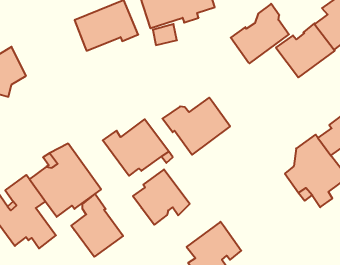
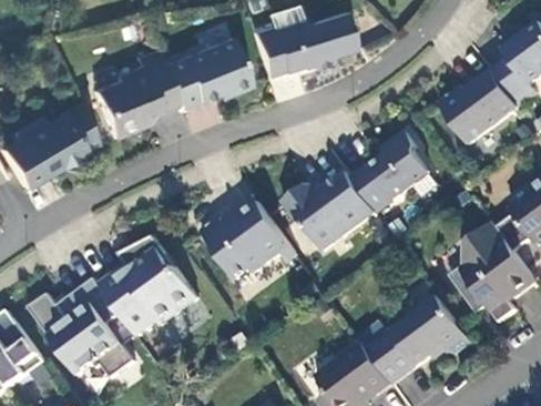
building: [231,4,289,63] -> [348,130,428,212]
building: none -> [89,48,173,136]
building: [133,169,190,225] -> none
building: none -> [364,295,469,384]
building: [71,194,123,257] -> none

